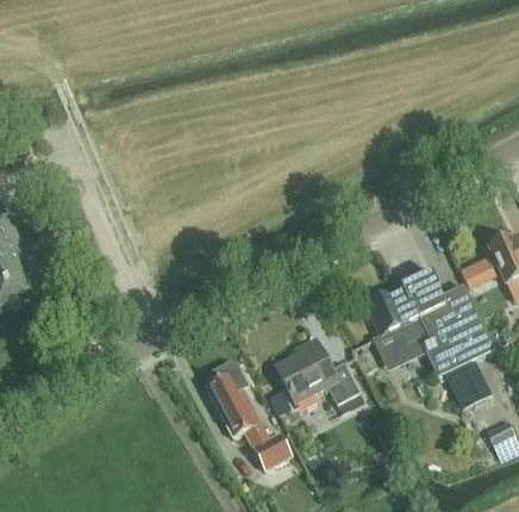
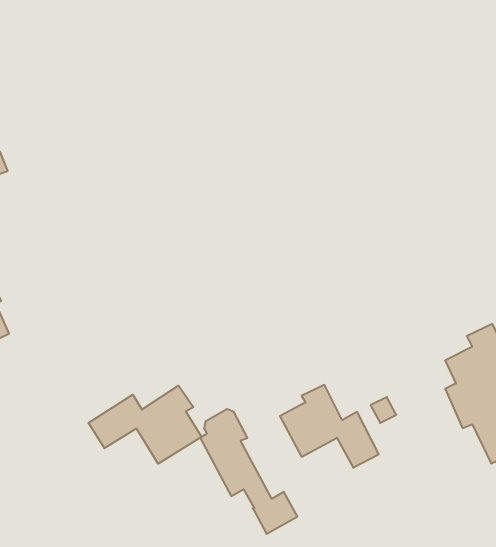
building: [365,273,445,352] -> none
building: none -> [88,386,202,464]

